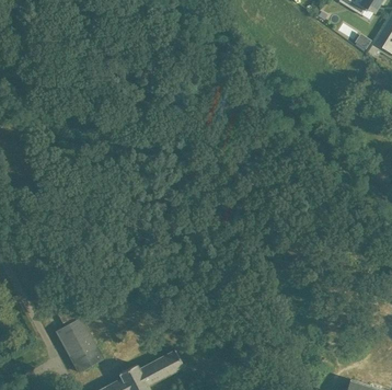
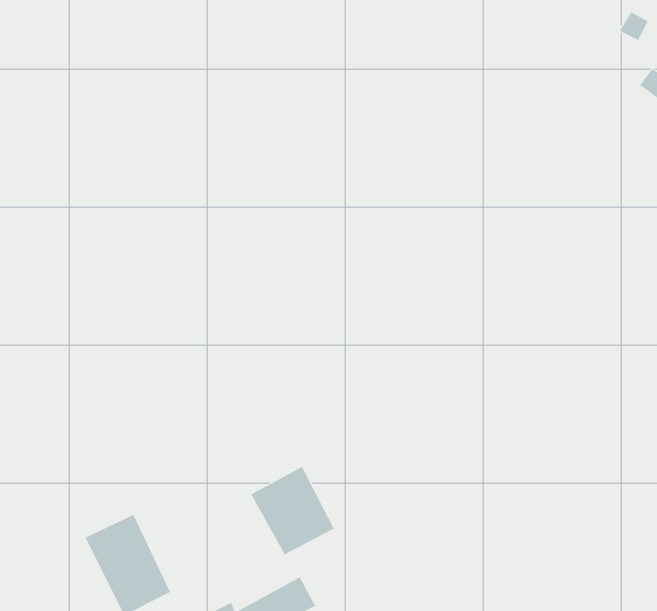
building: none -> [251,466,335,555]

